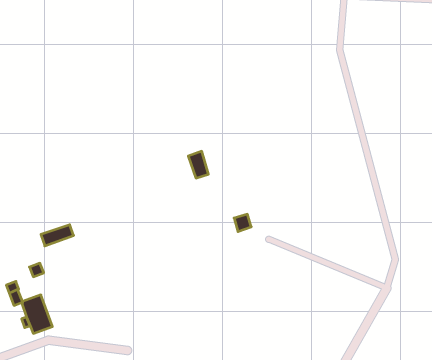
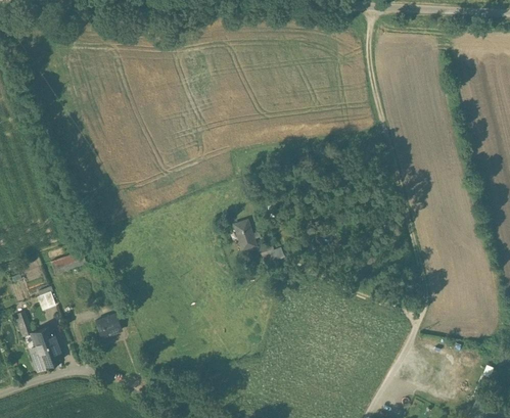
building: [188,151,208,178] -> [234,222,256,250]
building: none -> [96,314,123,338]

